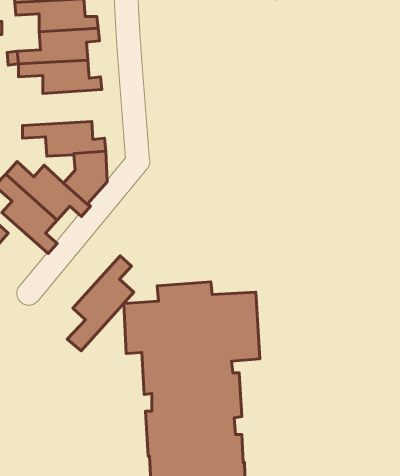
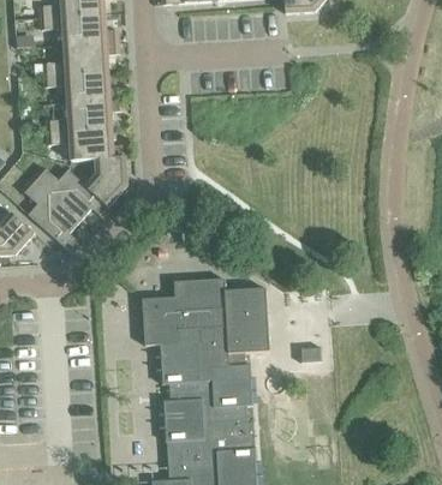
building: none -> [46,97,123,131]
building: [67,256,134,351] -> none

